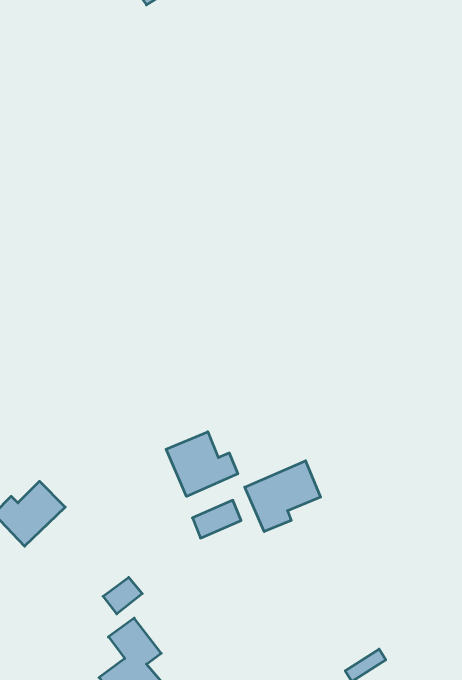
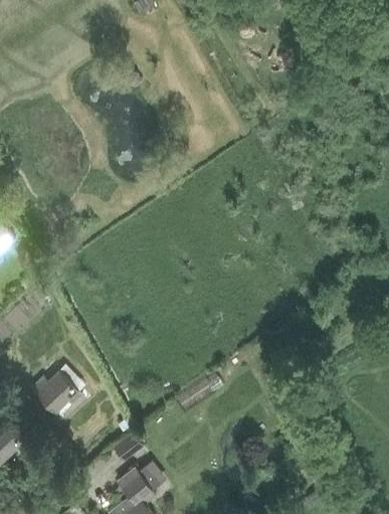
building: [166,432,238,496] -> none
building: [245,461,321,532] -> none

